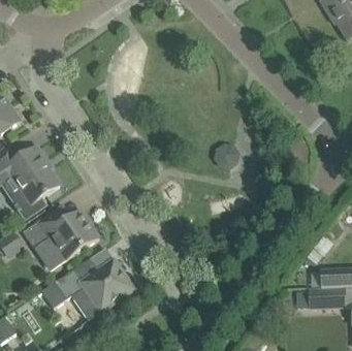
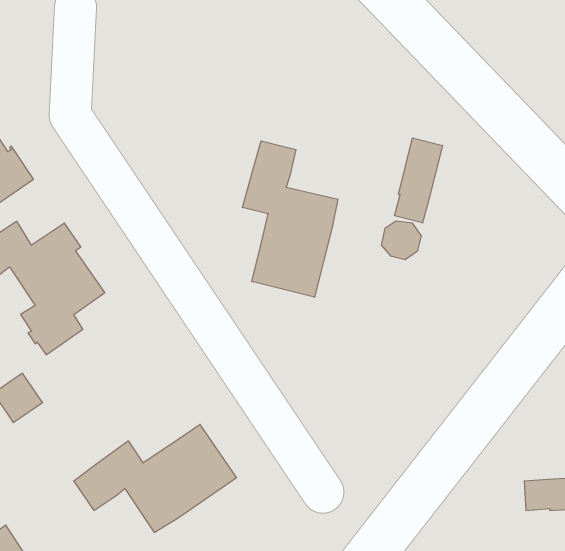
building: none -> [395,138,442,223]
building: none -> [242,141,338,297]
building: [23,204,99,261] -> none

